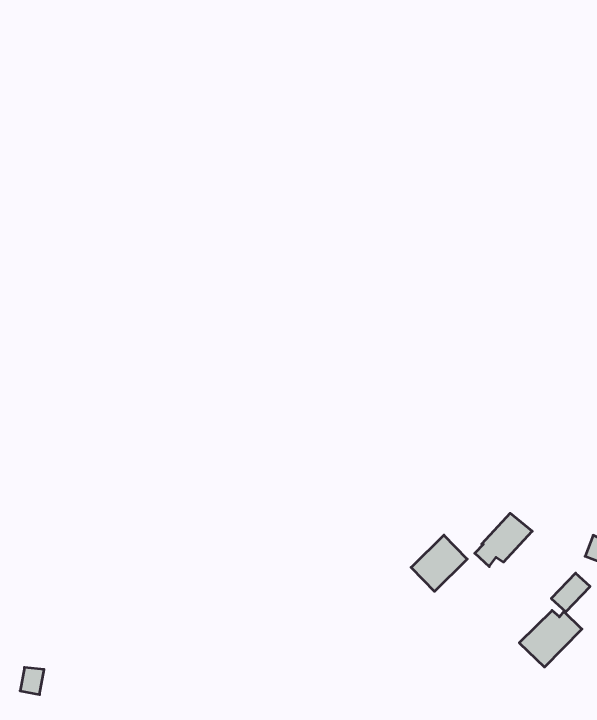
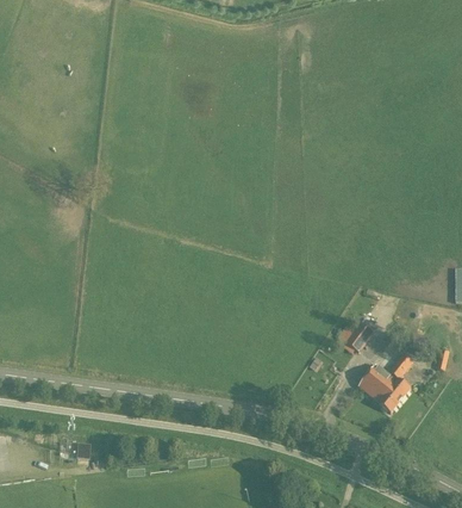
building: [411,535,467,591] -> [357,366,391,401]

